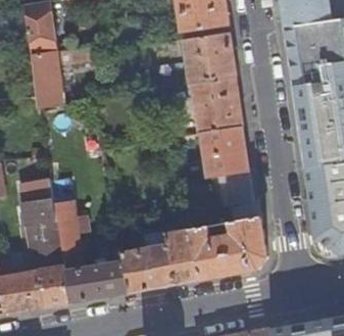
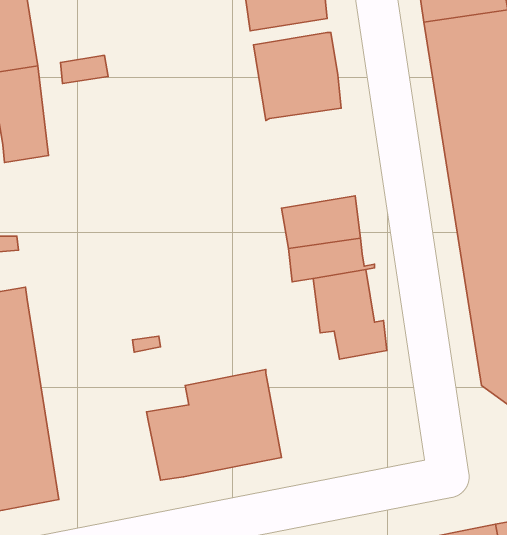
building: [192,77,242,135] -> none
building: [51,186,129,304] -> none
building: [190,218,266,280] -> none

